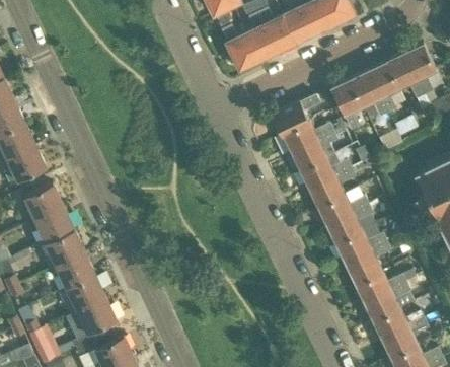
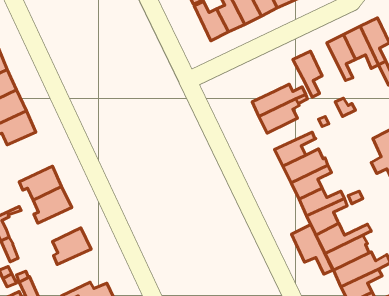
building: [349,72,387,118] -> none
building: [271,96,325,139] -> none
building: [301,159,351,190] -> none
building: [22,185,65,225] -> none
building: [49,253,96,291] -> none
building: none -> [292,225,333,274]
building: [70,299,118,337] -> none

